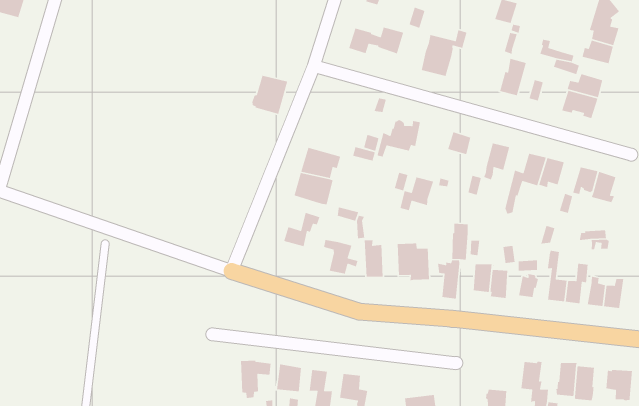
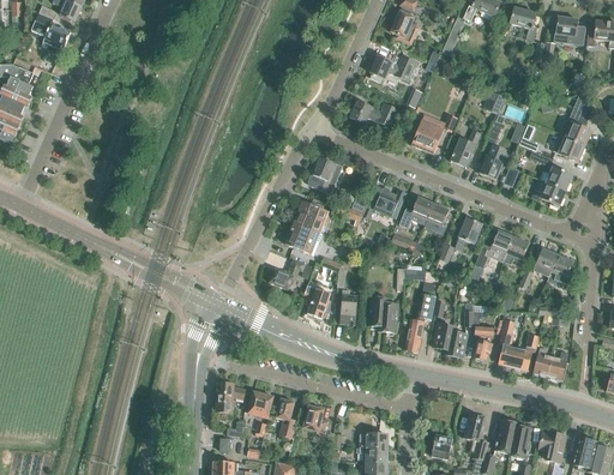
building: none -> [450,130,480,167]
building: [252,75,288,115] -> [308,157,343,194]
building: [400,177,434,211] -> [399,197,433,227]

